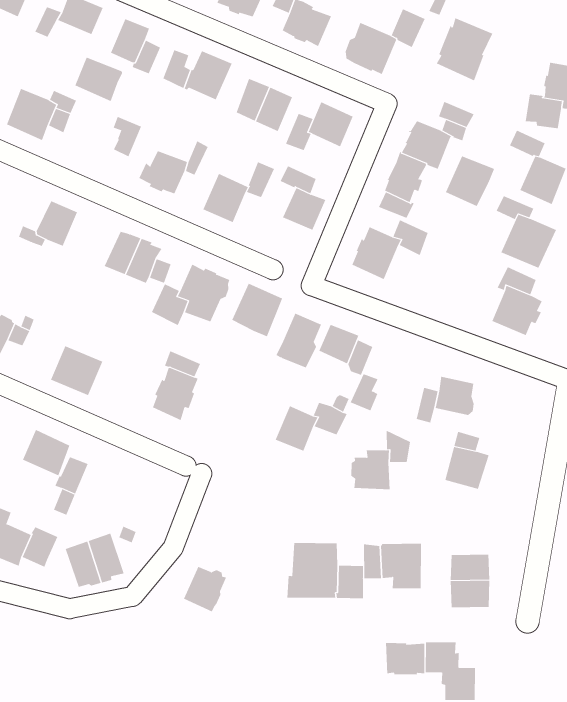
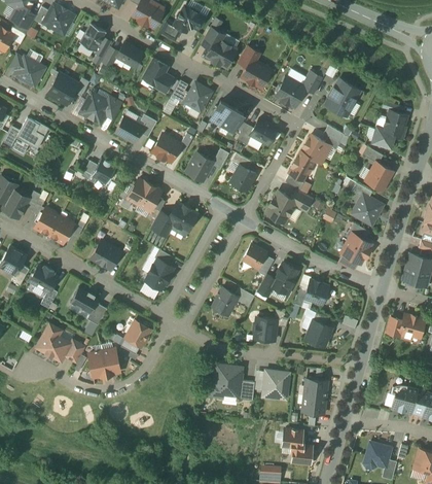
building: [75,57,123,102] -> [115,116,143,143]
building: [445,156,495,207] -> none
building: [232,283,283,337] -> none
building: [276,313,322,368] -> [271,262,298,293]
building: [183,566,227,612] -> [125,320,151,347]
building: [385,642,425,675] -> none

